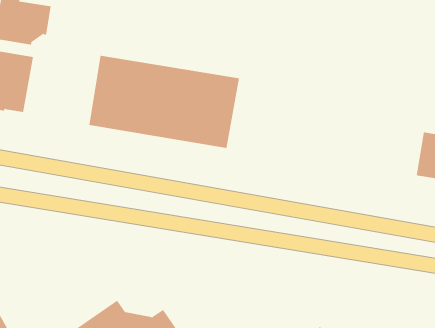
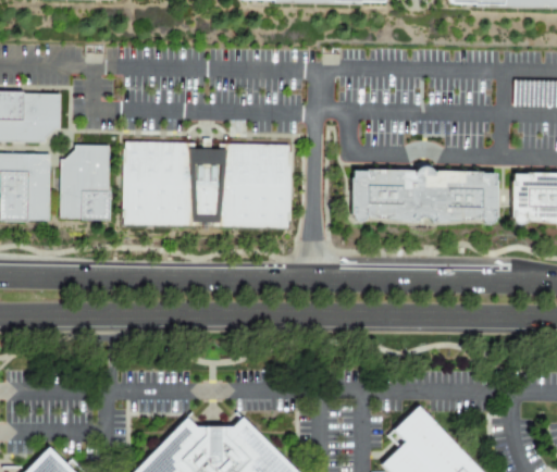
building: none -> [61,149,112,219]
building: none -> [355,166,498,219]

